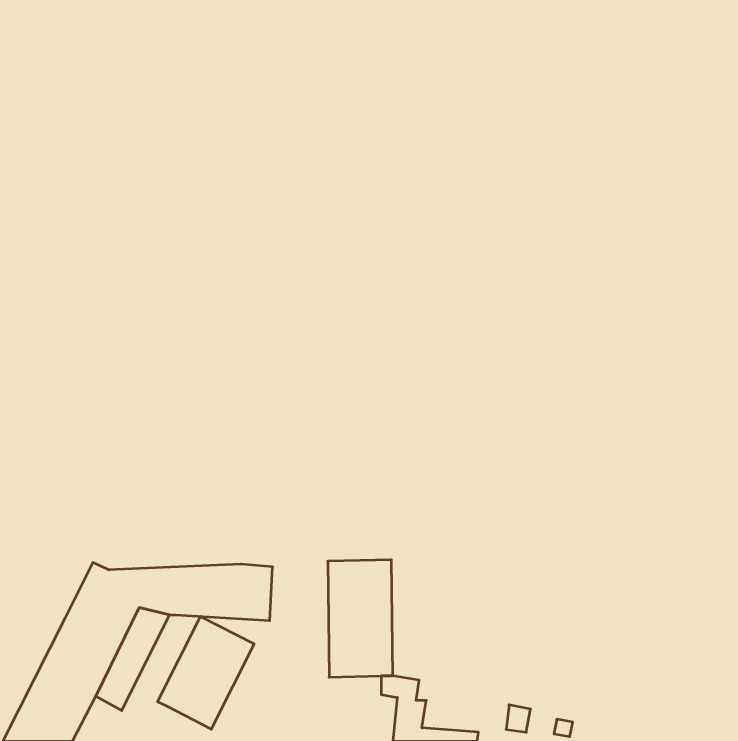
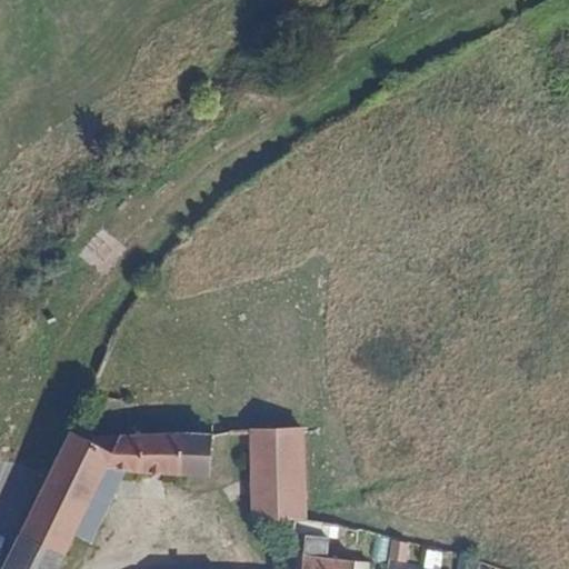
building: [158,616,254,729] -> none

